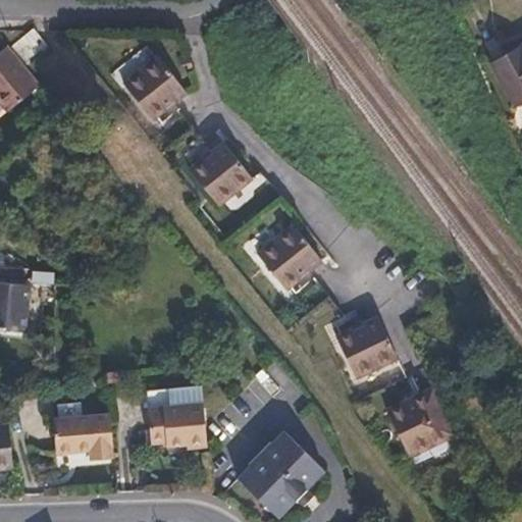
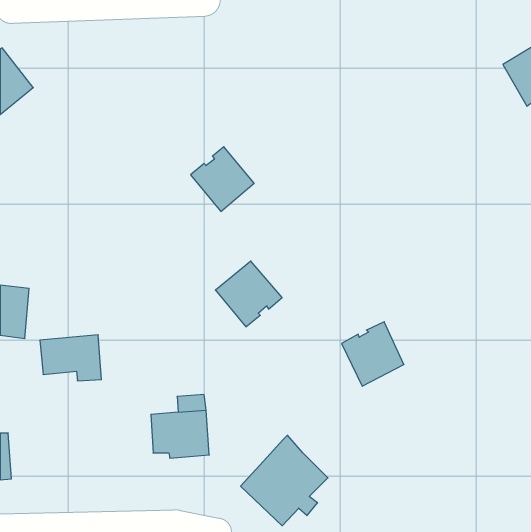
building: [121,59,185,121] -> none
building: [256,225,321,290] -> [215,261,282,327]
building: [387,385,458,455] -> none
building: [54,416,114,461] -> [40,335,101,381]

